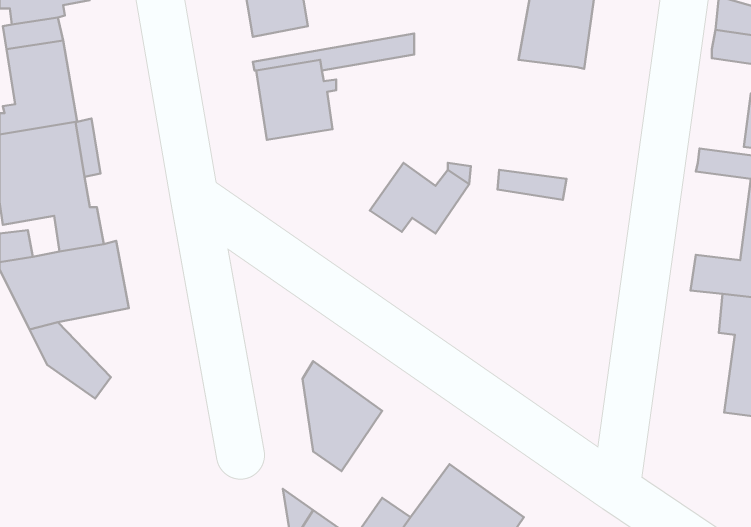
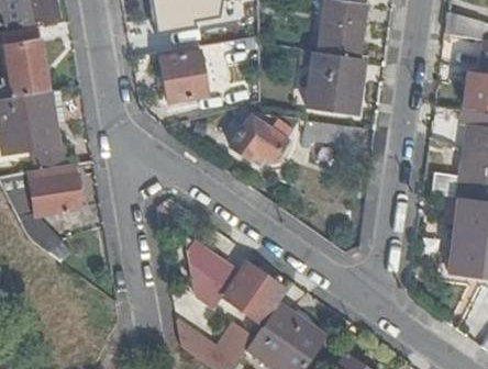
building: none -> [309,51,361,112]
building: none -> [213,264,285,321]

